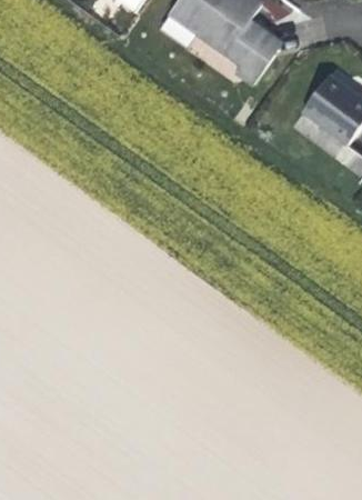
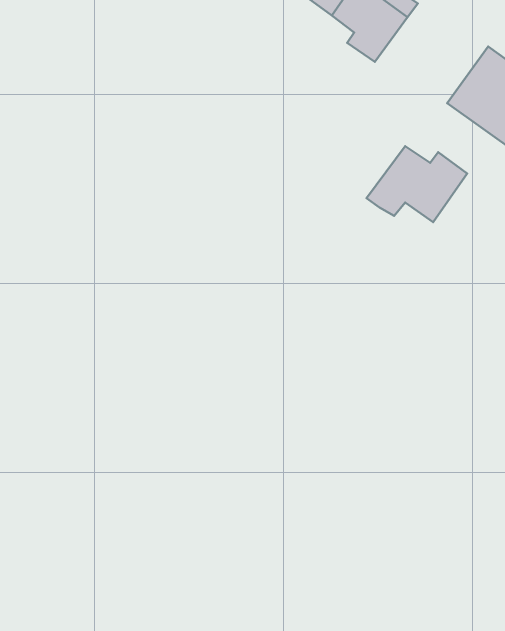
building: none -> [367,146,467,222]

